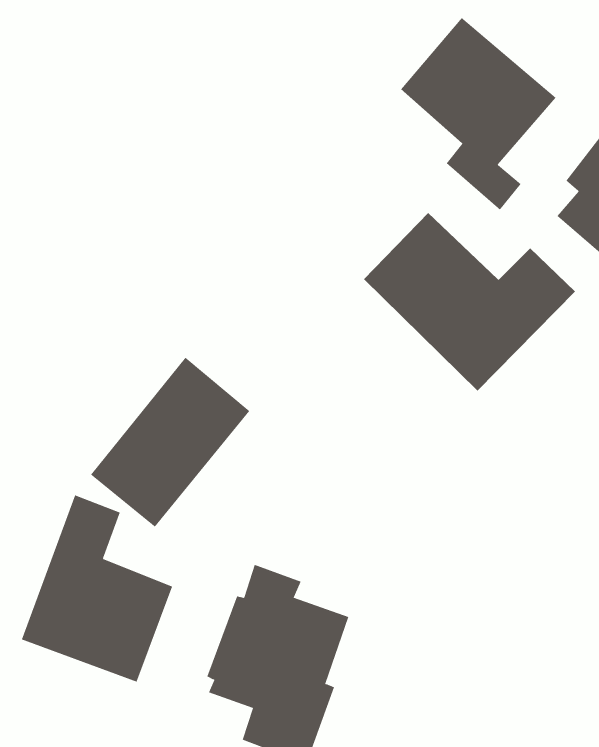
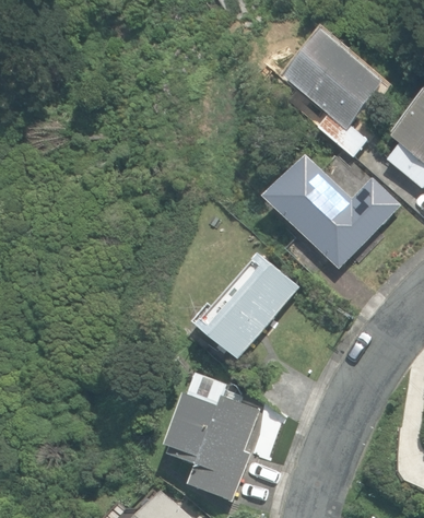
building: [90,357,250,527] -> [197,251,296,357]
building: [21,494,173,682] -> none

